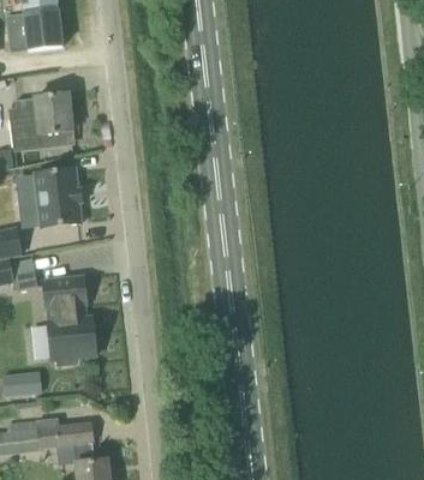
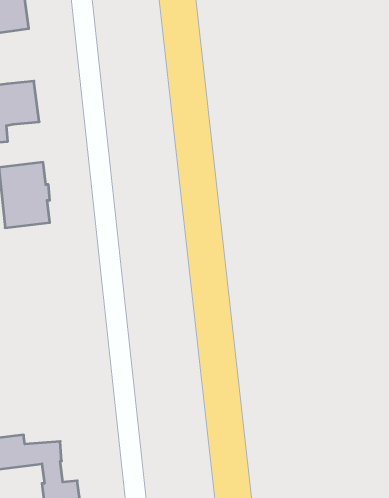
building: [43,278,96,365] -> none

